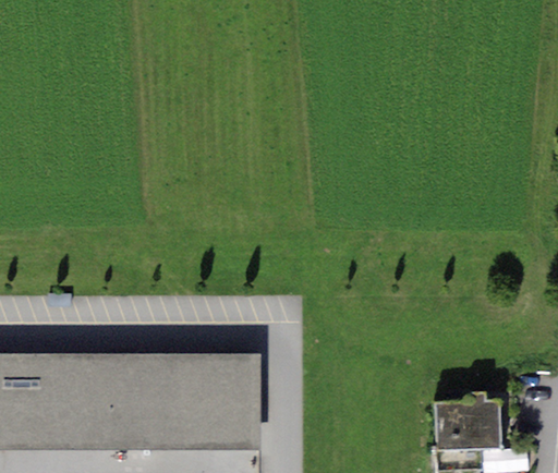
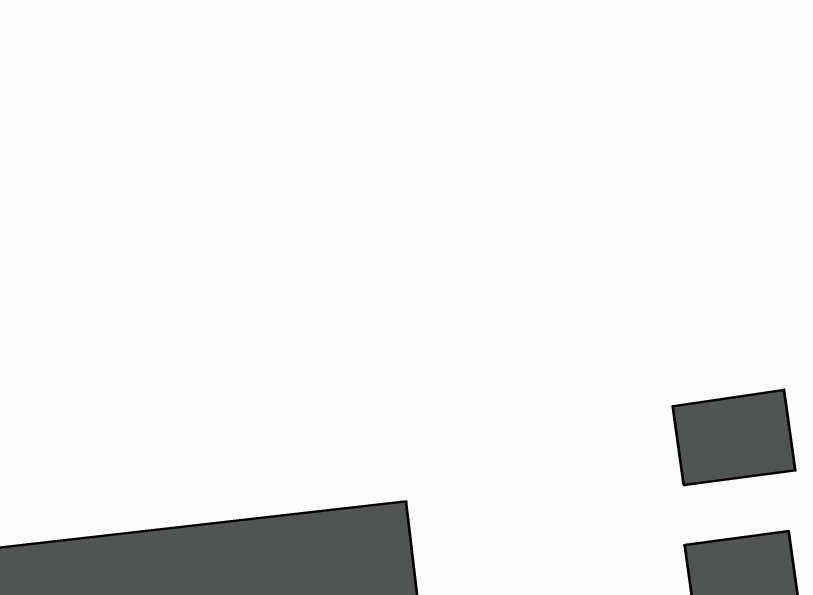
building: none -> [673,390,795,485]

